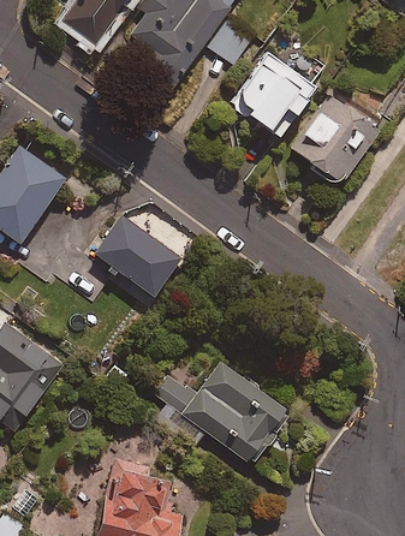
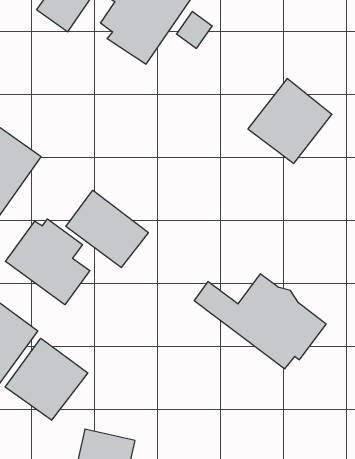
building: [227,48,318,139] -> none
building: none -> [5,219,90,305]
building: [150,361,292,463] -> [194,274,326,369]
building: none -> [5,338,88,420]

